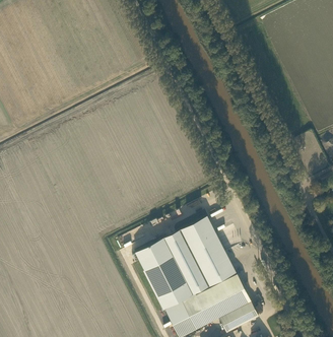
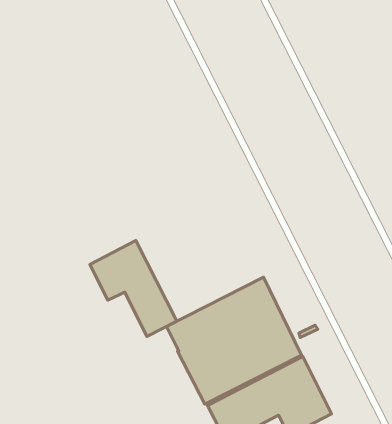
building: none -> [90,240,177,336]

